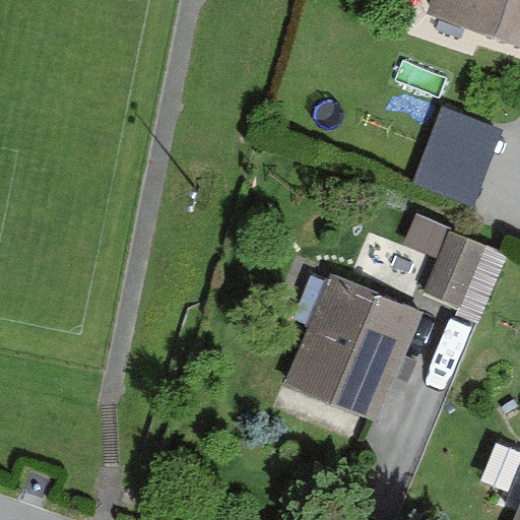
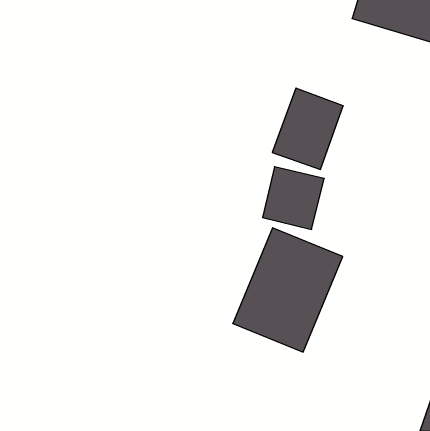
building: [419,96,505,194] -> [272,88,343,169]
building: [426,235,500,310] -> [263,167,324,229]

